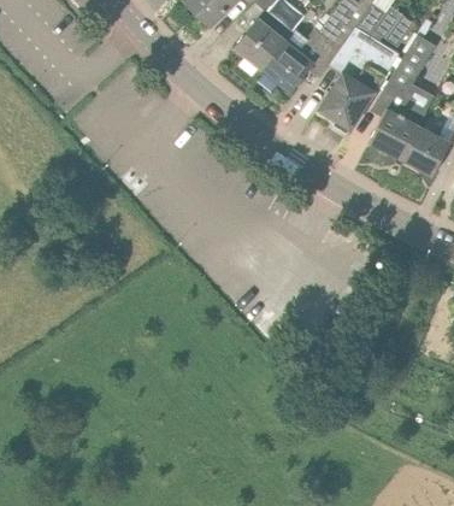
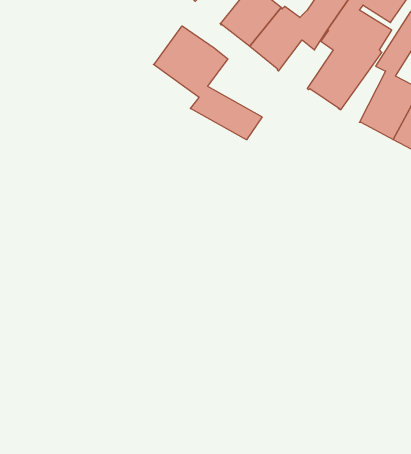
building: none -> [153,26,262,140]

